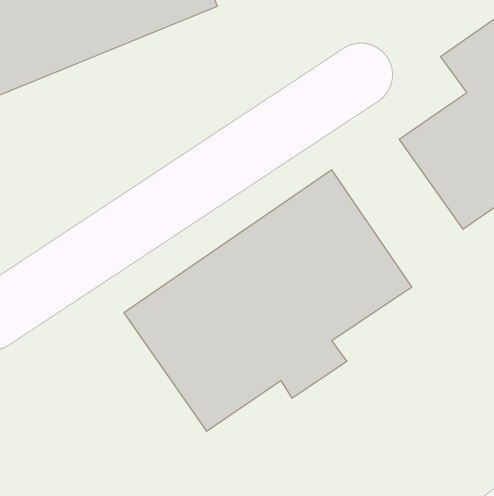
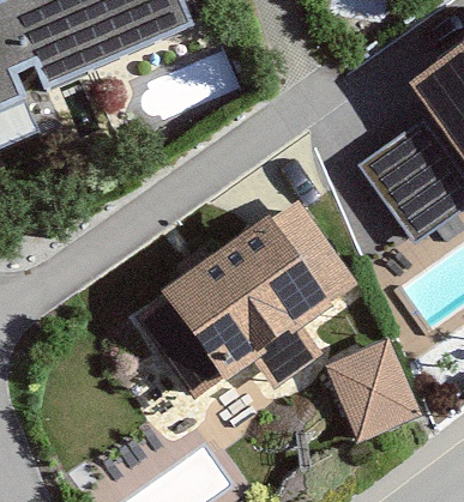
building: none -> [323,344,415,442]

